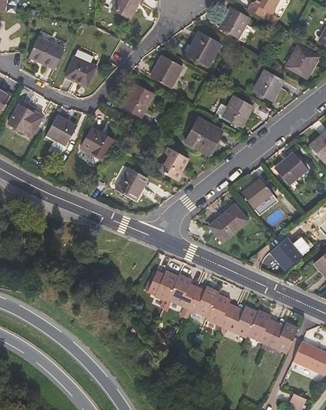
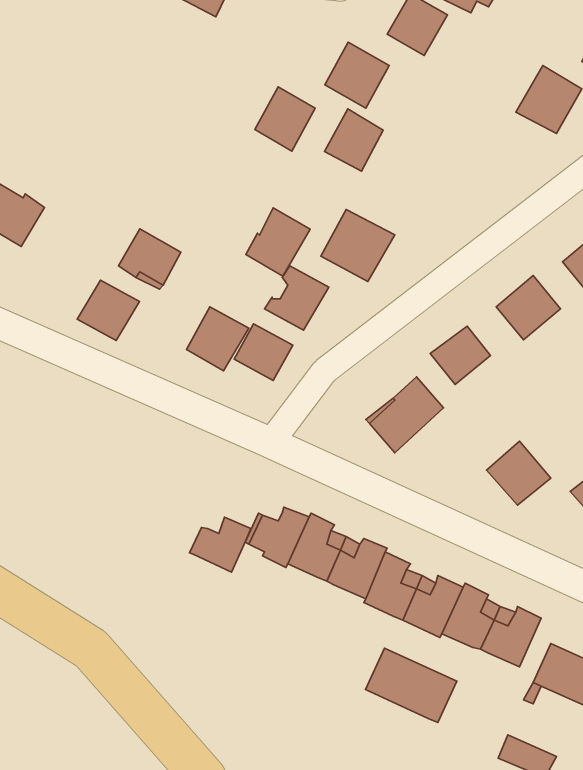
building: [29,37,65,69] -> none
building: [66,50,97,86] -> none
building: [253,70,284,102] -> none
building: [122,83,155,118] -> [246,208,310,276]
building: [223,95,253,127] -> [325,109,383,171]
building: [46,115,78,146] -> [77,280,140,341]
building: none -> [234,324,293,381]
building: none -> [190,517,251,572]
building: none -> [365,648,457,723]

